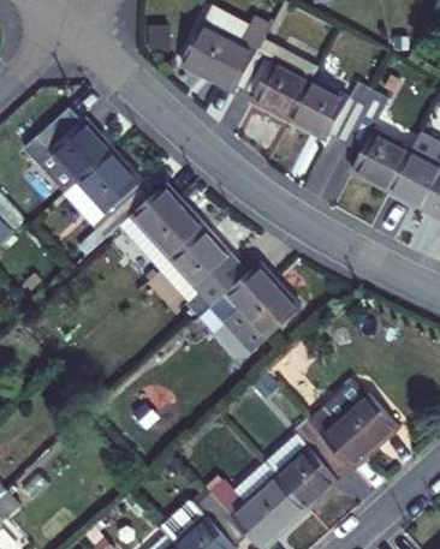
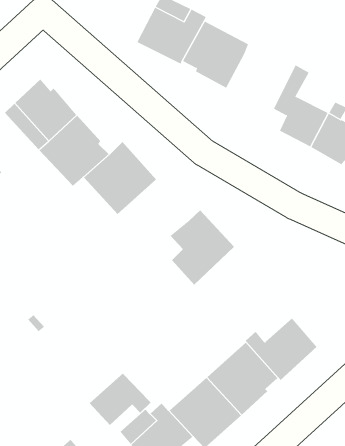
building: [289,79,370,144] -> none
building: [159,228,243,316] -> none
building: none -> [89,373,152,426]

